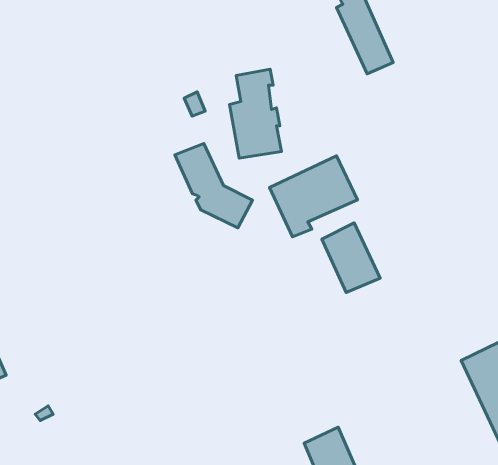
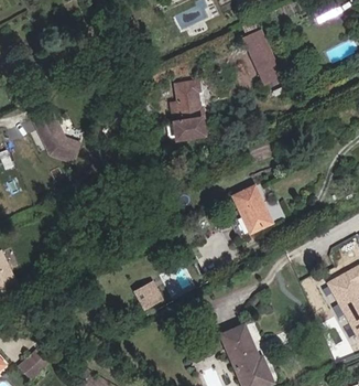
building: [175,144,253,228] -> [32,111,85,169]
building: [270,156,358,237] -> none
building: none -> [133,279,163,309]

